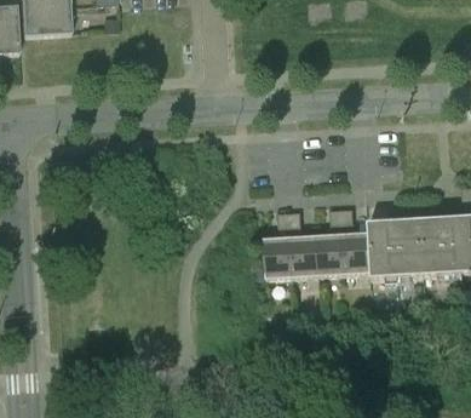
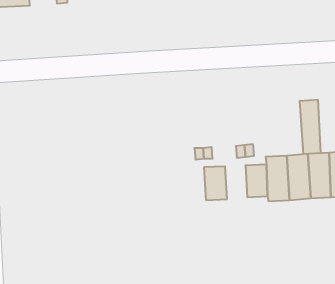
building: none -> [300,100,321,154]
building: [317,234,345,276] -> none
building: [264,236,293,279] -> none

